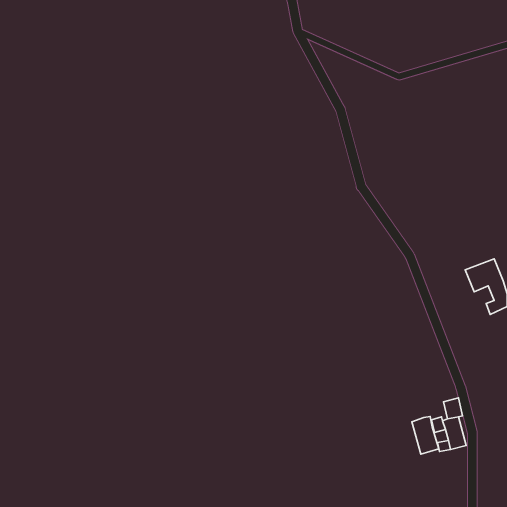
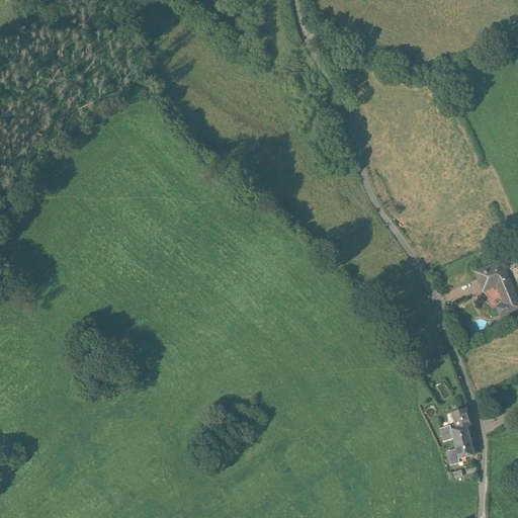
building: [412,416,439,454] -> none

